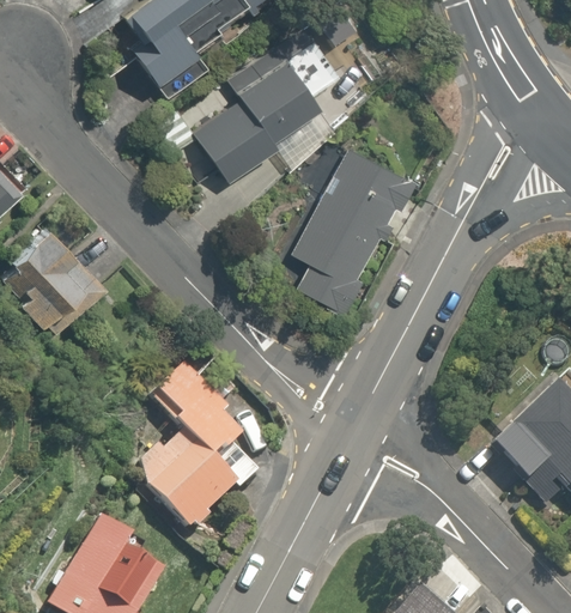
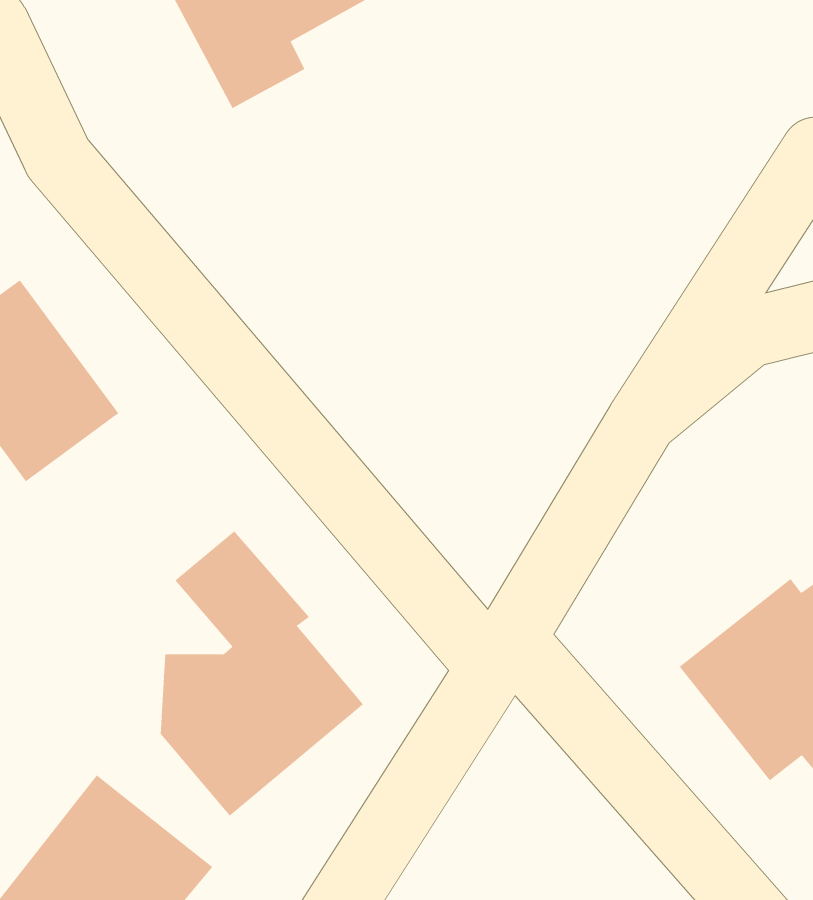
building: [187,44,336,183] -> none
building: [291,146,424,317] -> none

